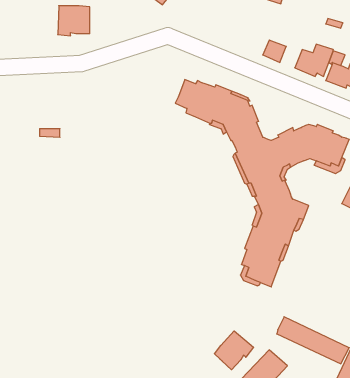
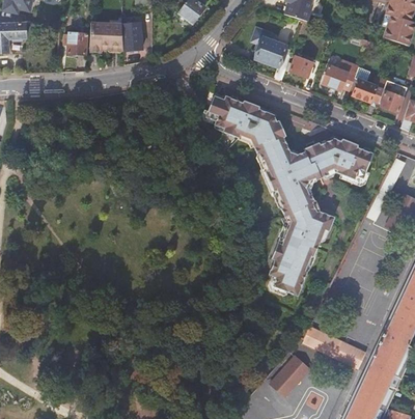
building: none -> [122,23,142,51]
building: none -> [65,32,87,54]
building: none -> [255,38,290,81]
building: [214,331,254,370] -> none

